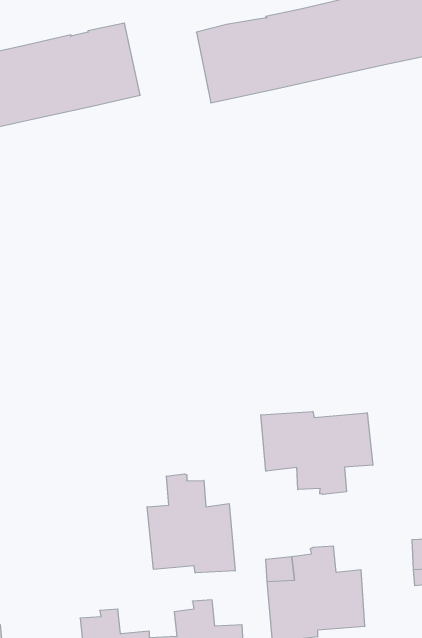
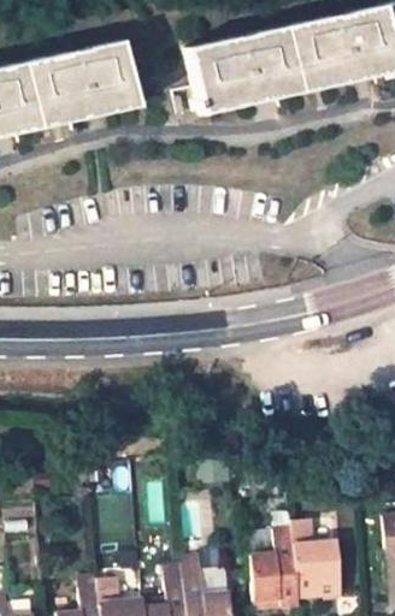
building: [261,411,373,494] -> none
building: [147,474,235,573] -> none

